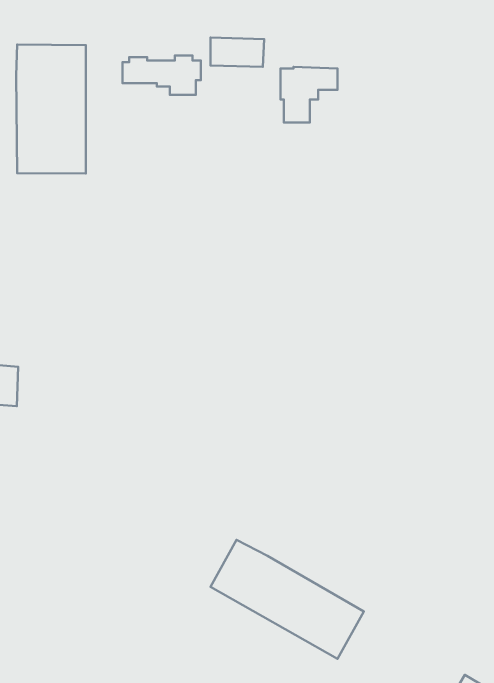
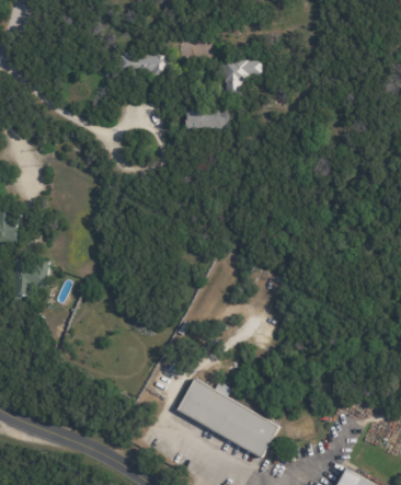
building: [16,45,86,174] -> none
building: none -> [185,108,229,129]

